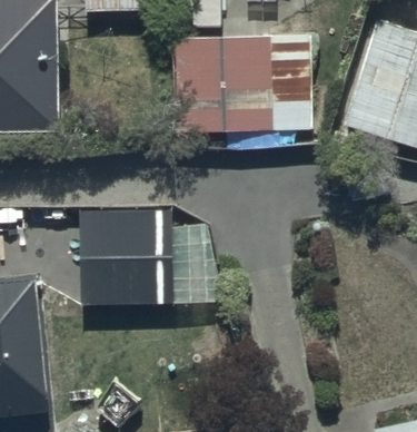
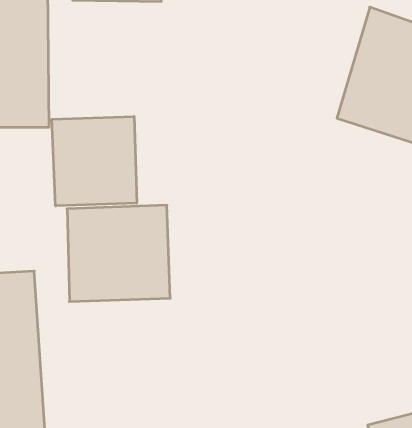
building: [171,35,311,132] -> none
building: none -> [52,116,137,206]

